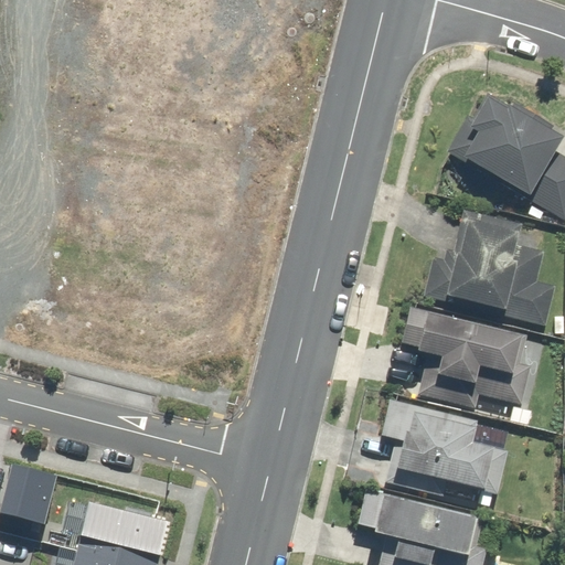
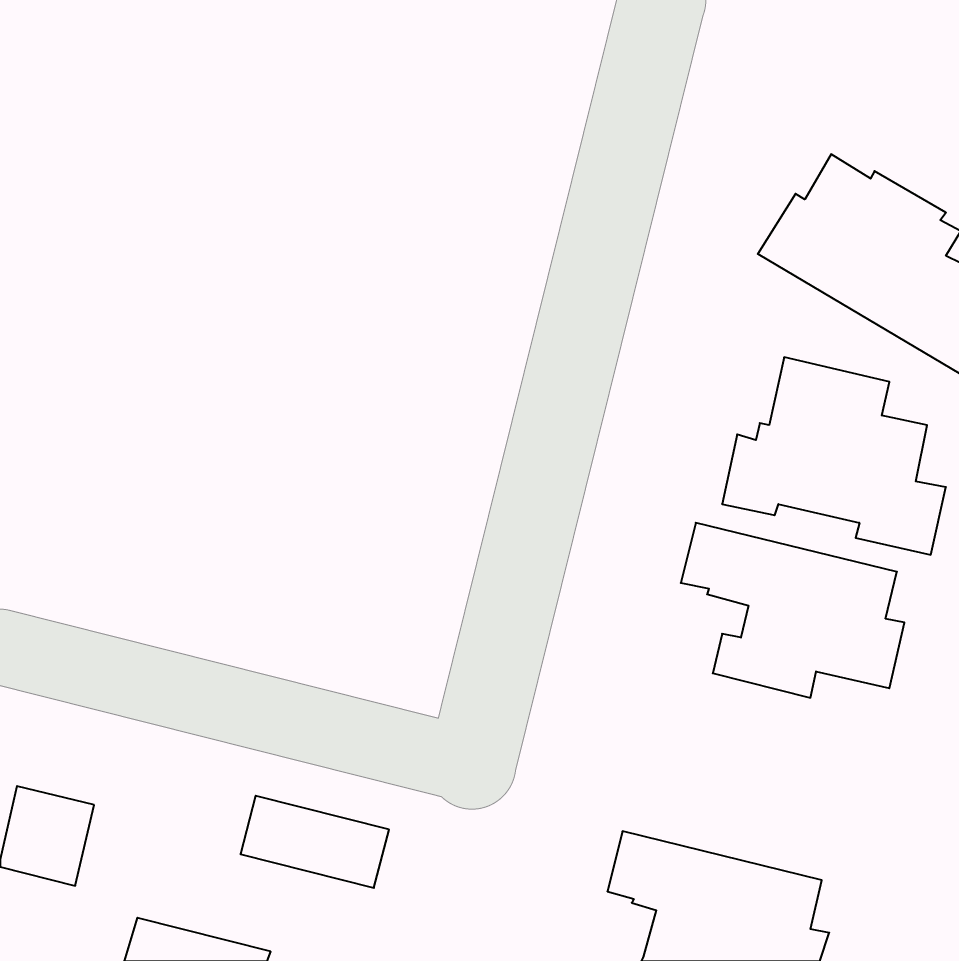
building: [380,399,509,497] -> none
building: [82,504,169,558] -> [240,796,389,888]

